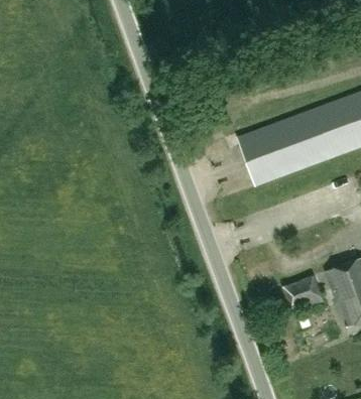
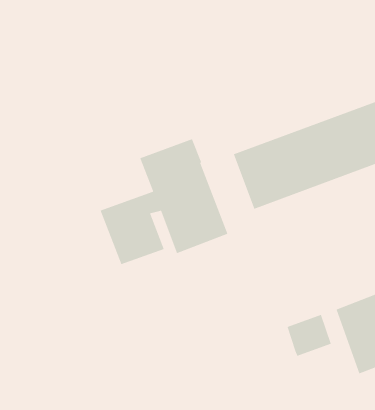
building: none -> [99,138,229,265]

